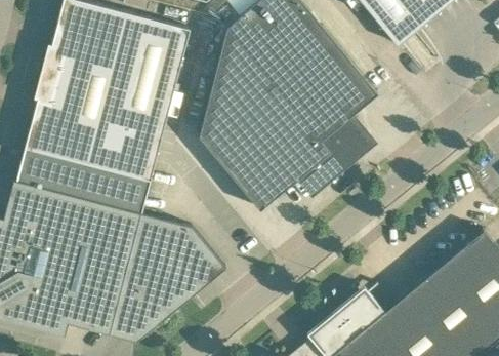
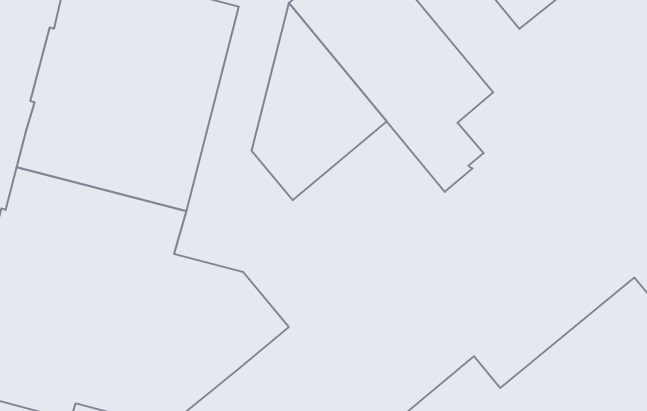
building: [230,115,342,210] -> none

